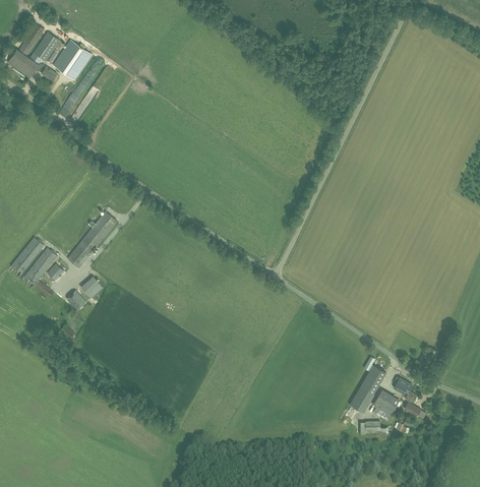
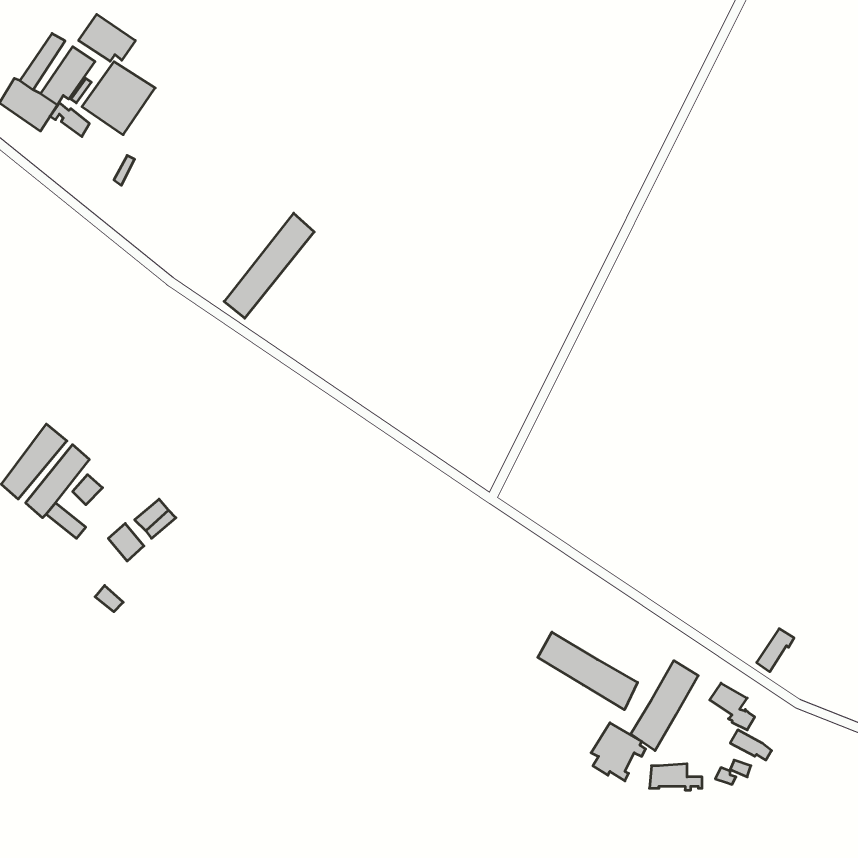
building: none -> [79,14,135,61]
building: [67,210,116,267] -> [224,213,314,318]
building: none -> [538,632,638,710]
building: [371,388,401,420] -> [591,723,646,781]

